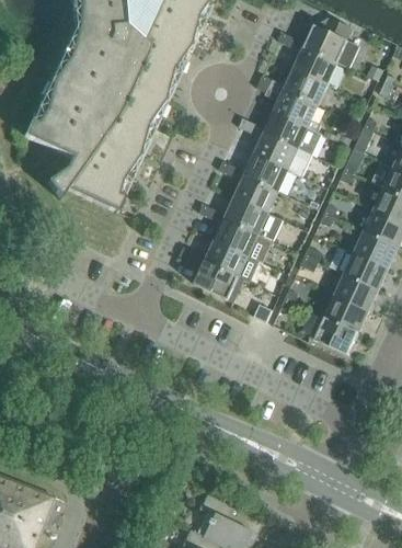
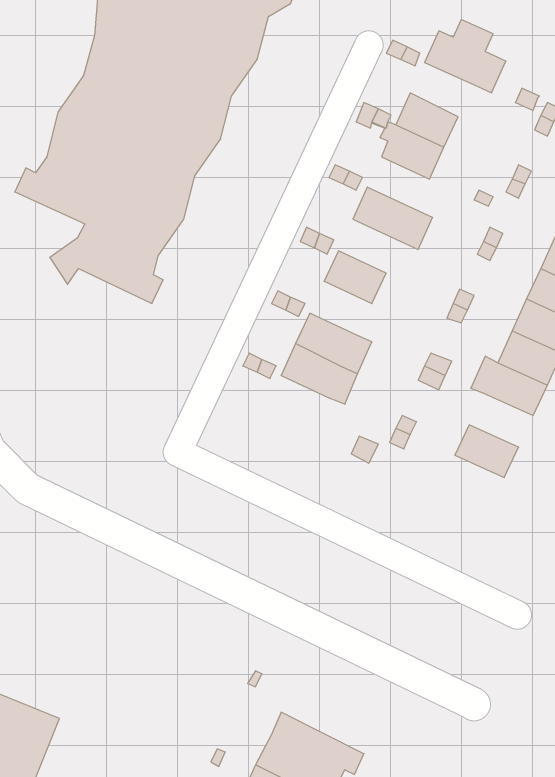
building: [294,47,337,84] -> none
building: [264,112,320,153] -> none
building: [244,155,287,192] -> none
building: [225,197,282,241] -> none
building: [194,262,243,301] -> none
building: [334,274,378,311] -> none
building: [309,315,358,355] -> none

